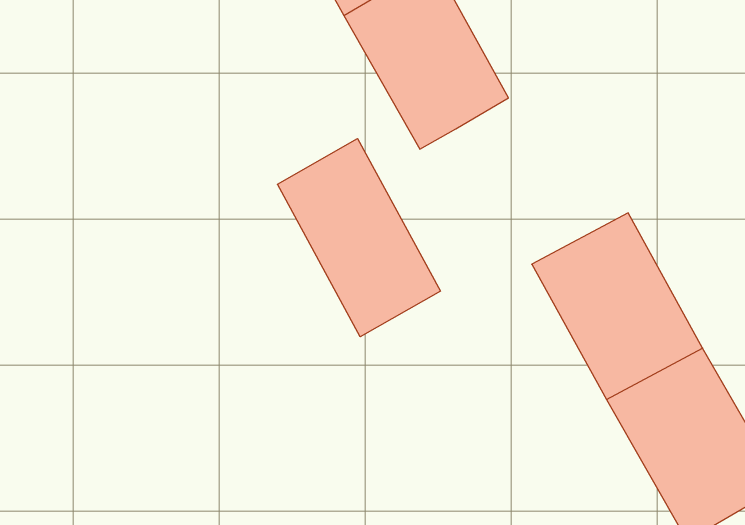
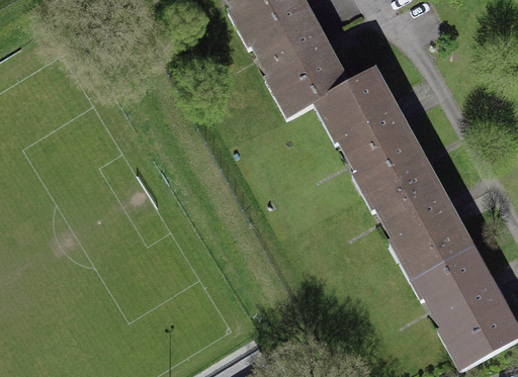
building: none -> [313,66,425,190]
building: [277,139,440,337] -> none

